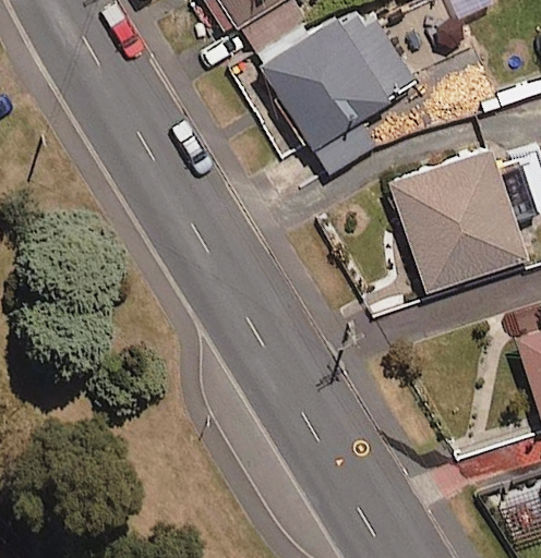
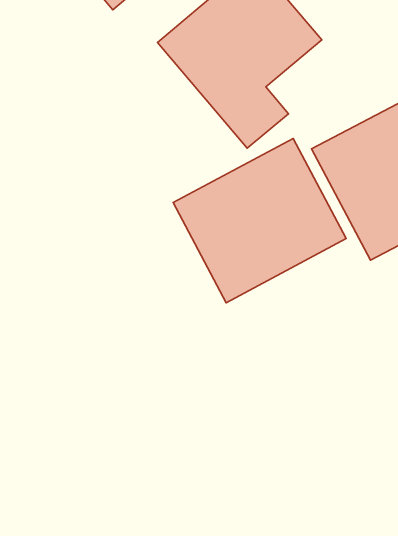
building: none -> [173,138,346,303]

